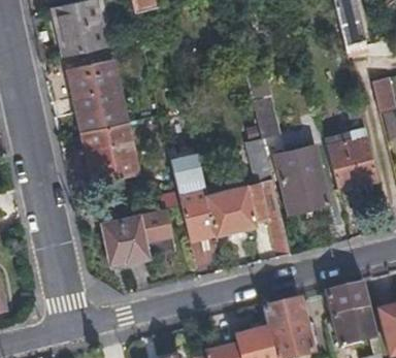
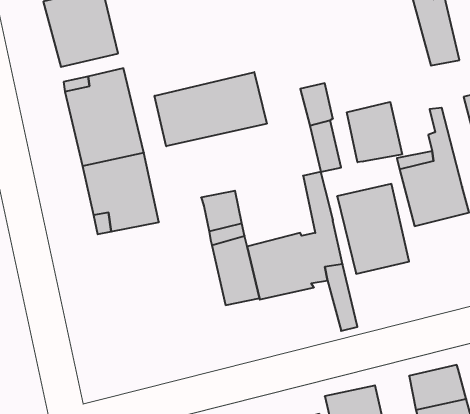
building: none -> [155,72,267,146]
building: none -> [347,102,402,162]
building: [101,208,175,262] -> none

